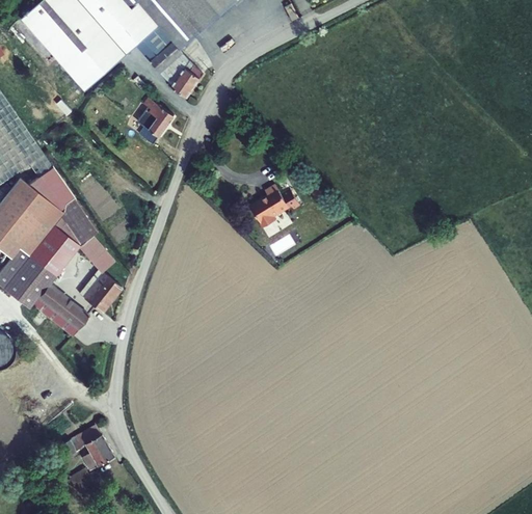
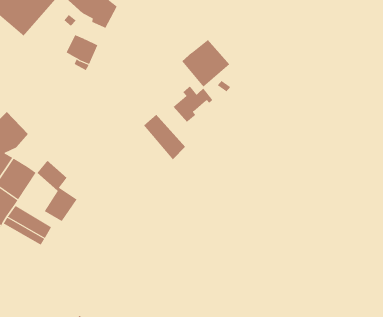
building: none -> [181,39,230,88]
building: [41,204,95,251] -> none
building: none -> [143,114,186,160]

